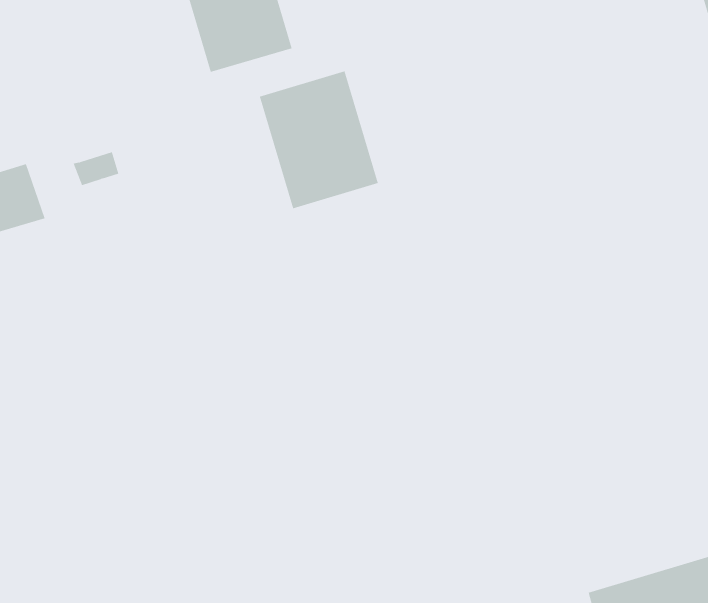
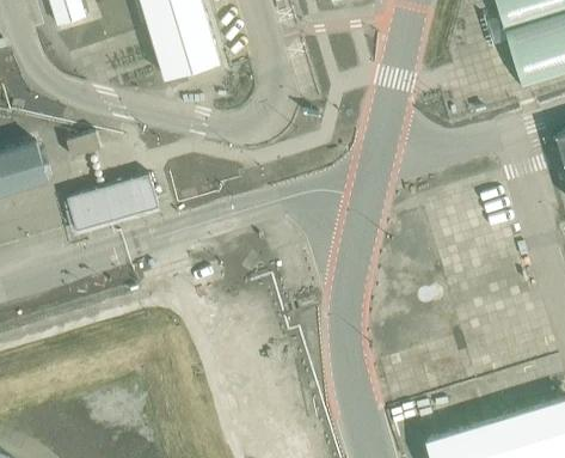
building: [259,71,378,209] -> none
building: none -> [69,176,158,231]

